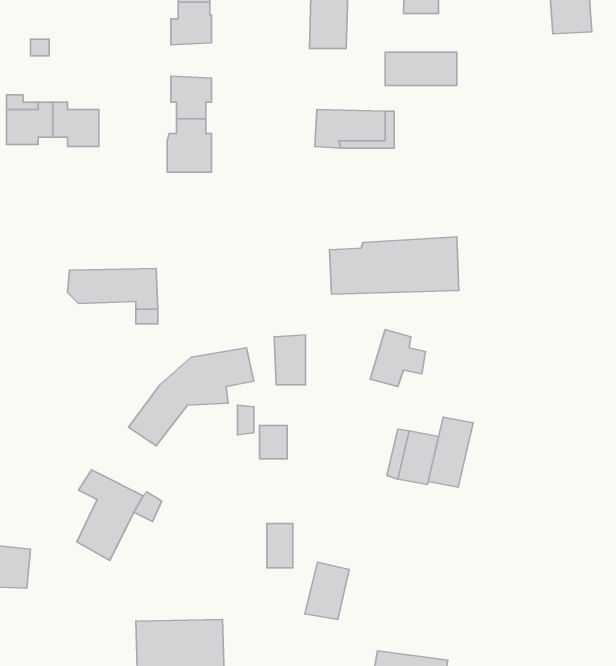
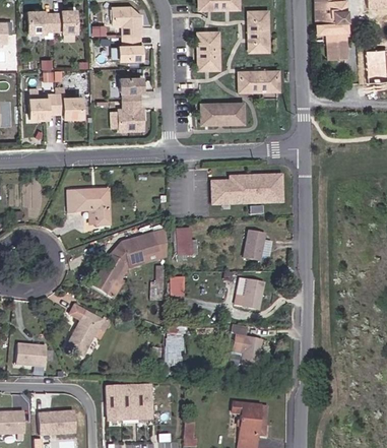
building: [428,417,473,487] -> none
building: [305,562,349,620] -> [238,333,262,365]

